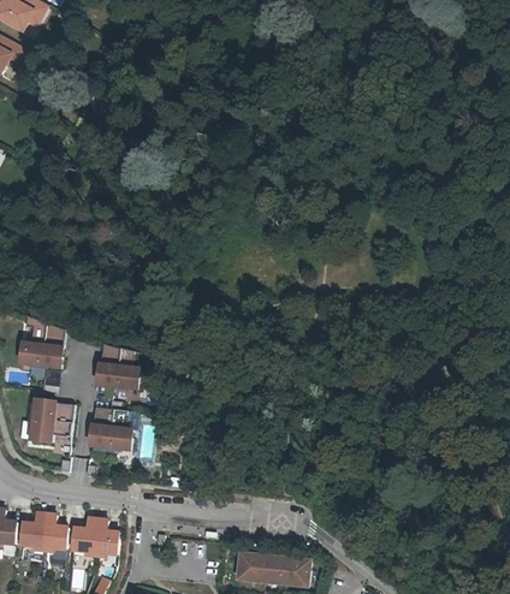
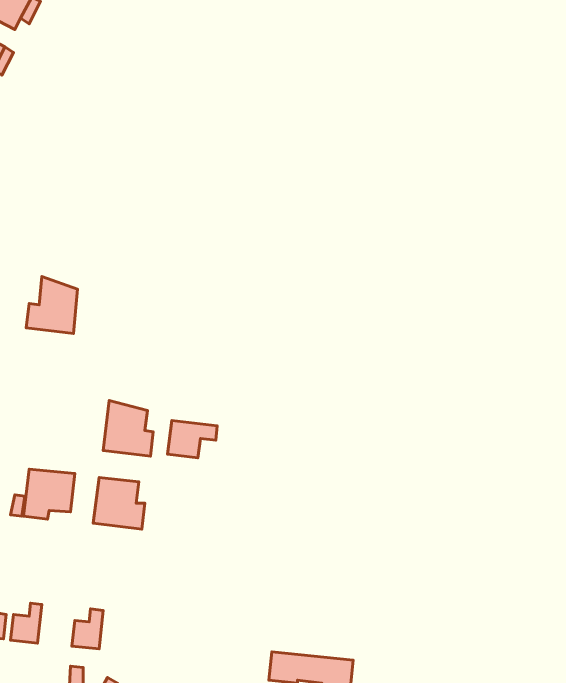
building: [20,319,64,367] -> [26,276,78,333]
building: none -> [168,421,217,458]
building: [42,515,67,550] -> none
building: [94,519,118,554] -> none

